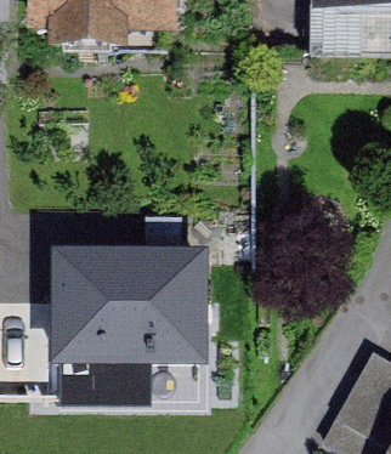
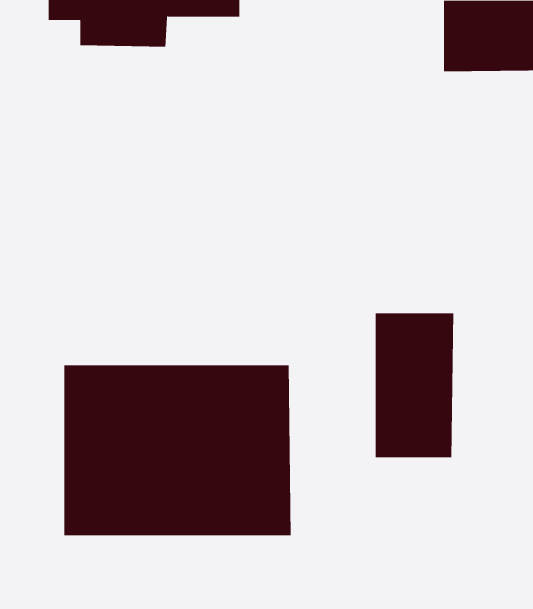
building: none -> [375,313,454,458]

